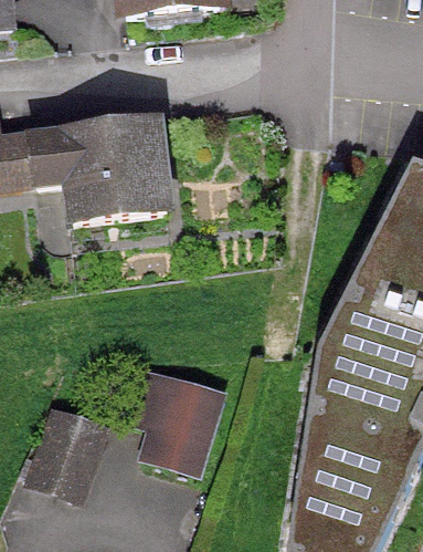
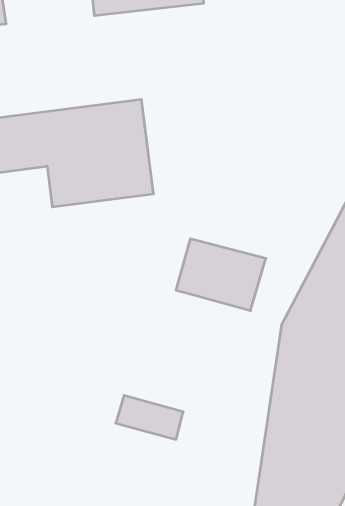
building: [128,369,225,447] -> [176,239,266,311]
building: [22,405,107,504] -> none

